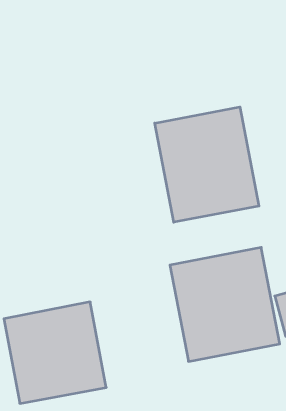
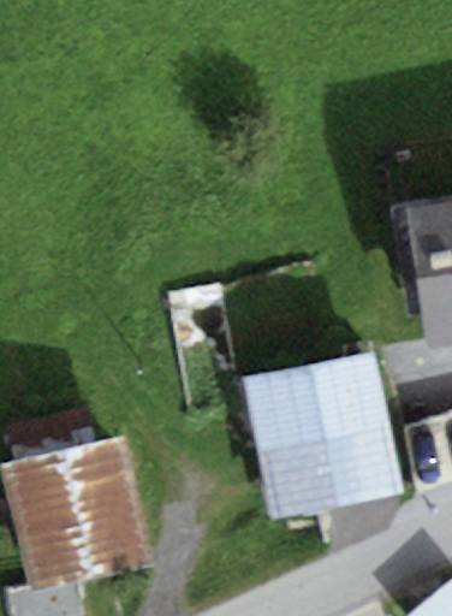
building: [155,107,259,222] -> none

